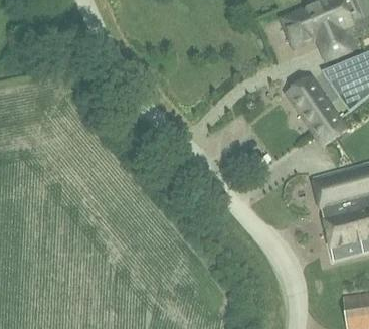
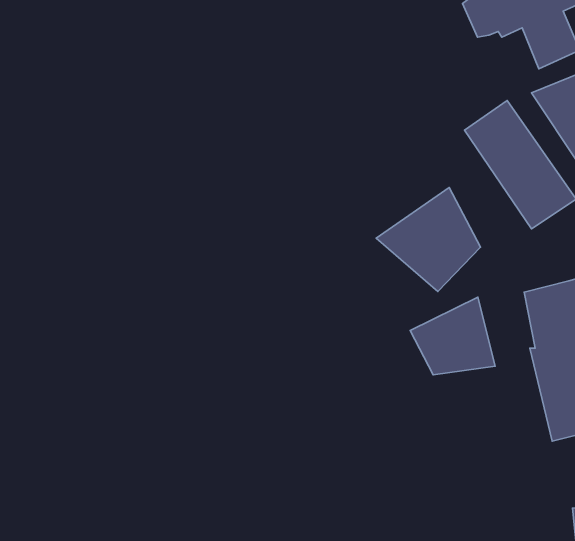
building: none -> [376,188,480,292]
building: none -> [410,297,495,375]

